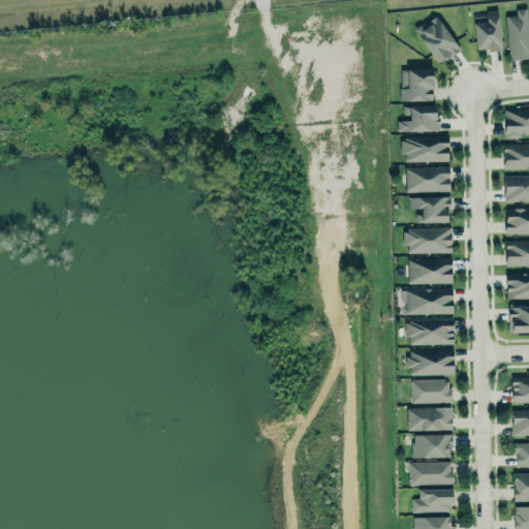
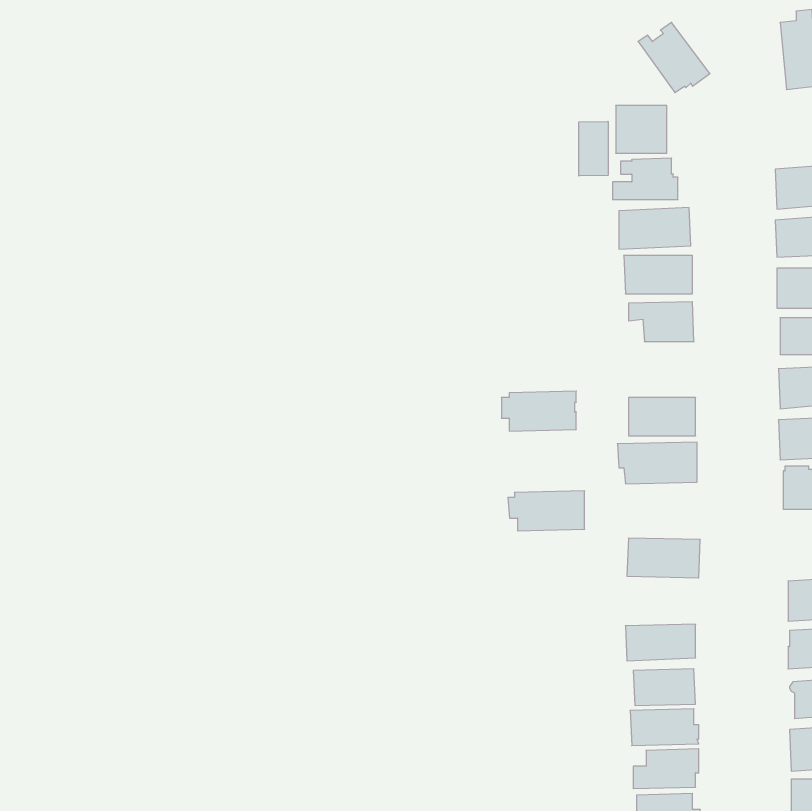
building: [474,11,503,52] -> none
building: none -> [579,121,608,176]
building: [404,228,453,254] -> [501,391,576,431]
building: [405,319,455,345] -> [508,491,585,531]
building: [411,380,453,403] -> none

